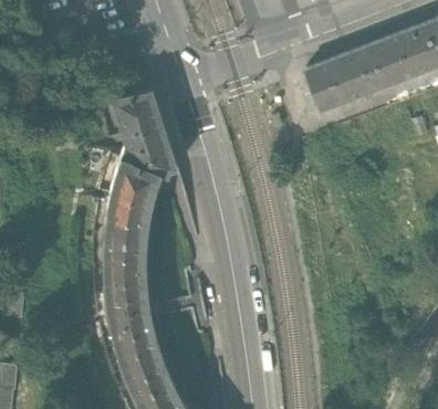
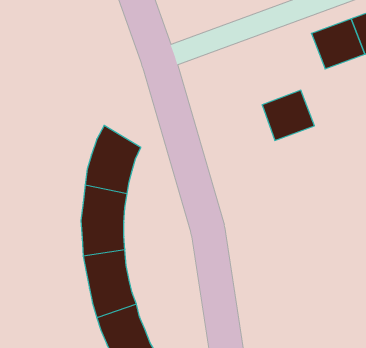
building: [303,57,358,111] -> [262,90,314,140]
building: [116,98,177,178] -> none

